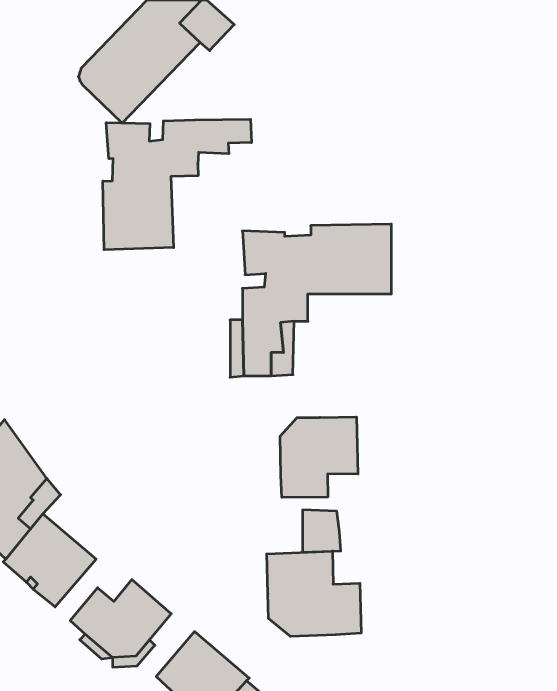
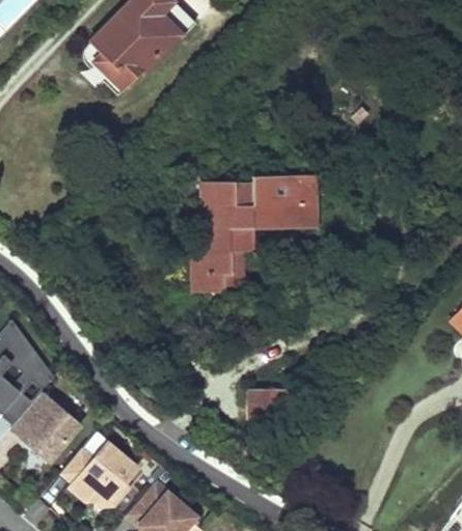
building: [103,119,251,250] -> none
building: [280,417,358,497] -> none
building: [267,551,361,636] -> none

